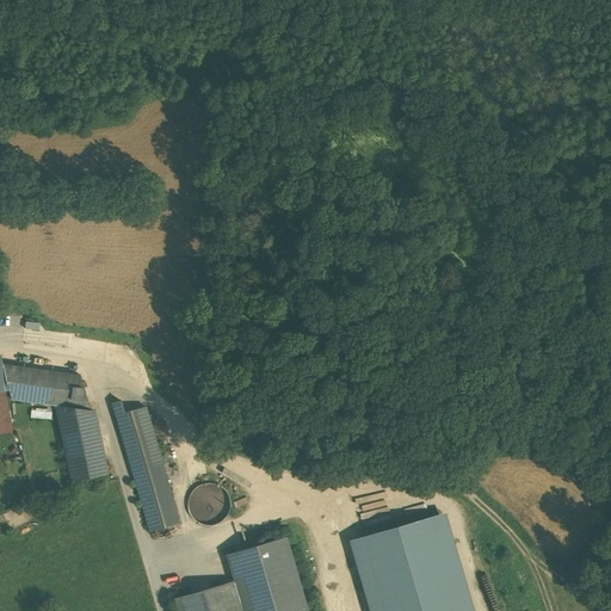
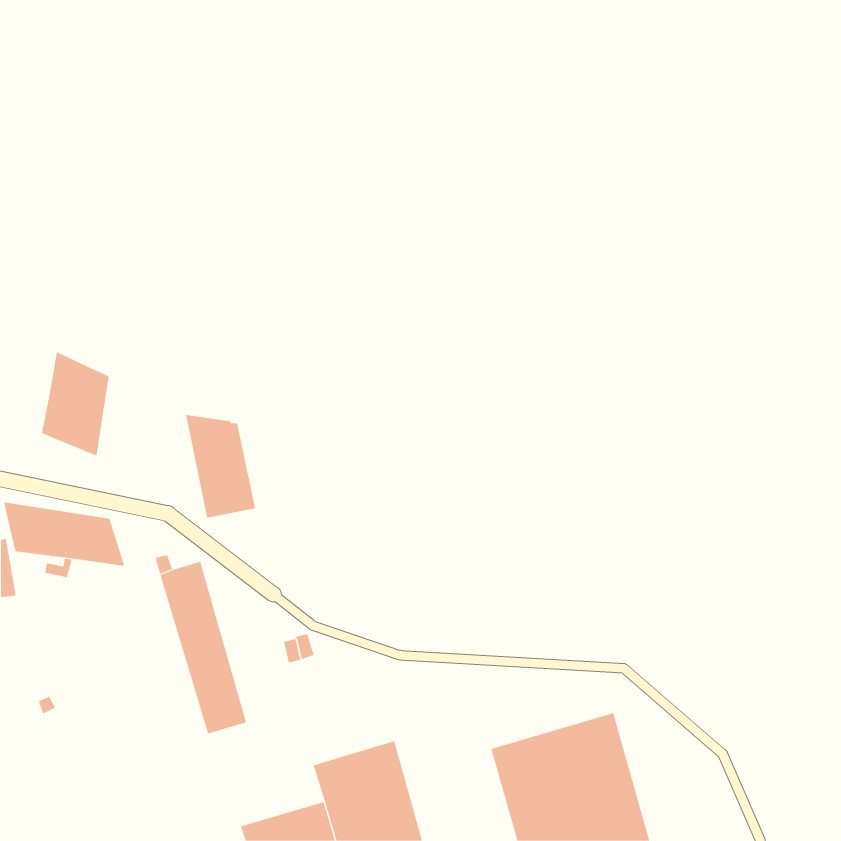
building: none -> [41,352,109,457]
building: [56,406,107,481] -> [185,415,256,518]
building: [187,483,230,526] -> none

